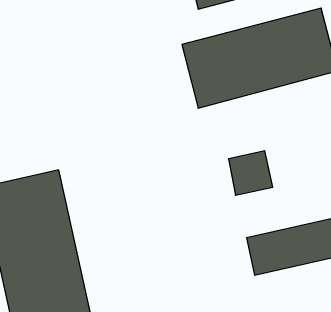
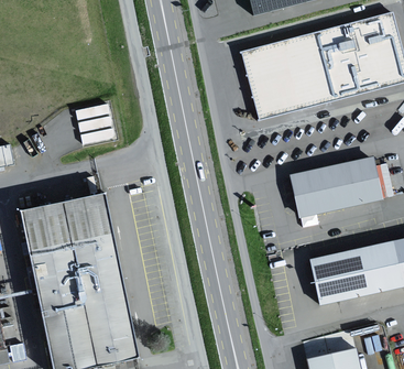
building: none -> [328,159,376,207]

